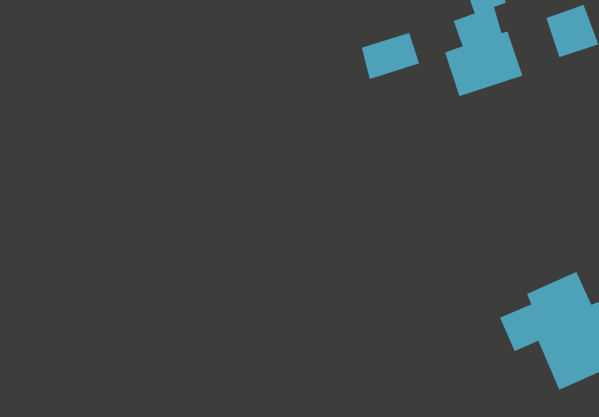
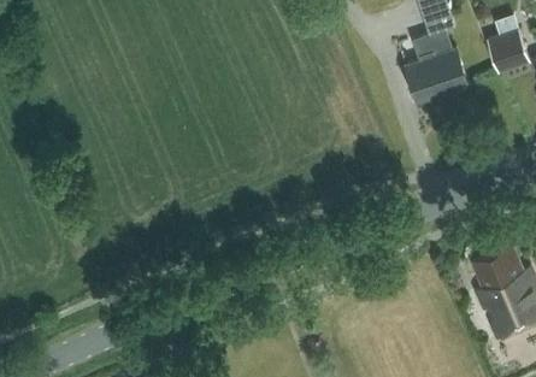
building: [361,32,420,80] -> none

